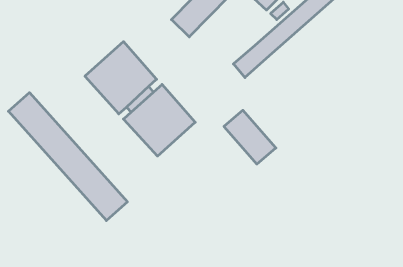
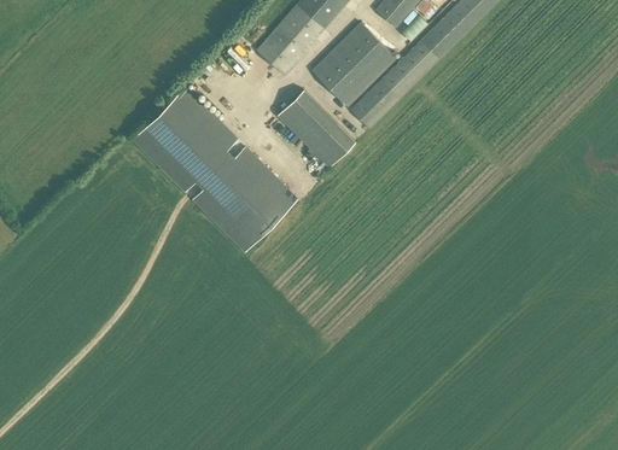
building: none -> [311,23,396,107]
building: [8,93,127,221] -> none
building: [224,110,276,164] -> [276,89,355,168]

